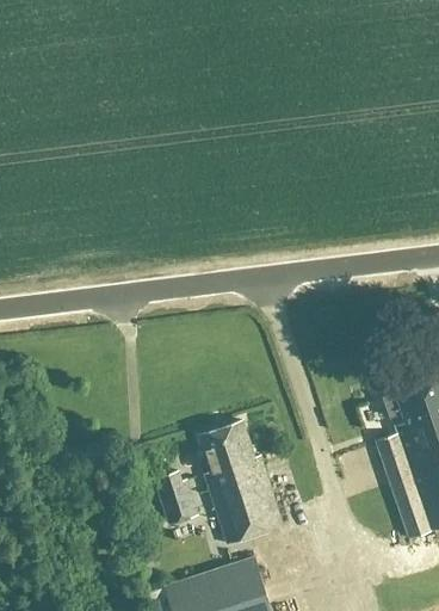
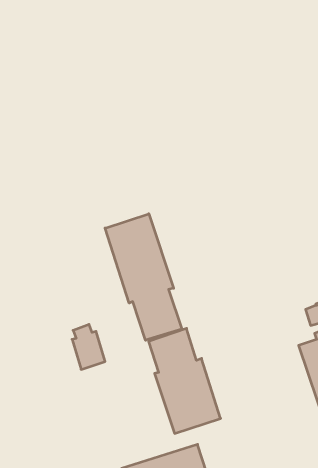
building: none -> [105,214,182,340]
building: [157,471,197,525] -> [72,324,105,369]

